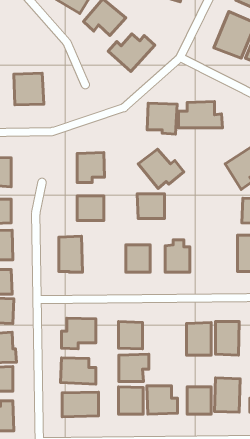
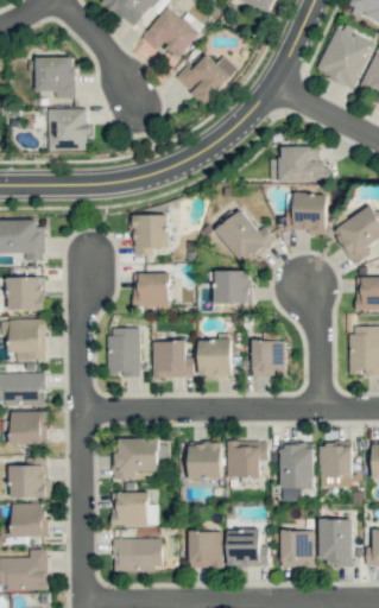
building: none -> [37,58,75,99]
building: [147,103,177,134] -> [288,194,328,235]
building: none -> [152,341,194,378]
building: [119,354,149,382] -> [227,441,267,477]

